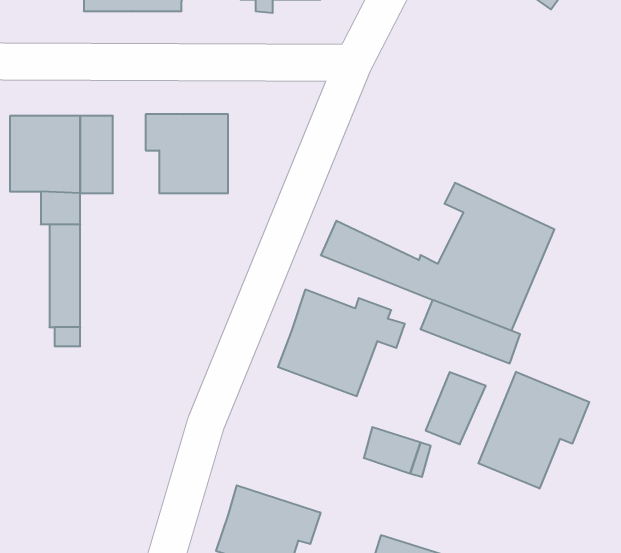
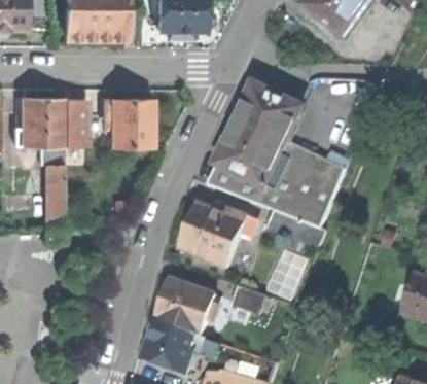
building: none -> [217,85,304,189]
building: [478,372,589,489] -> none
building: none -> [157,281,222,338]

